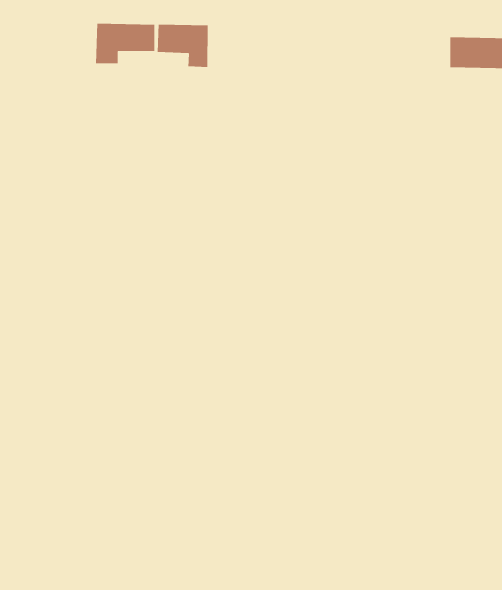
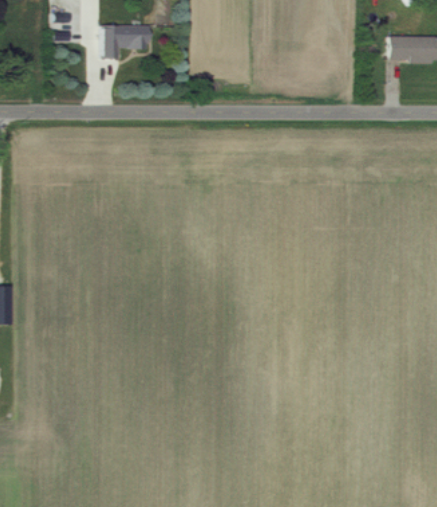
building: [157,24,208,68] -> none

